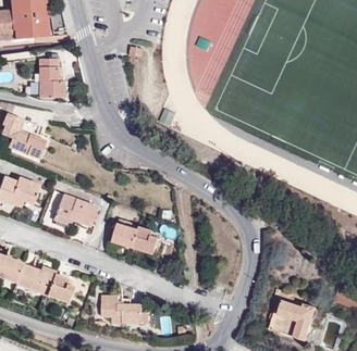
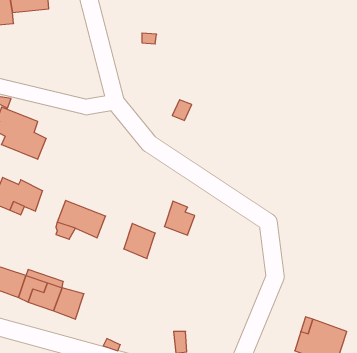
building: [37,57,66,96] -> none
building: [135,226,162,256] -> [164,201,195,235]
building: [103,294,152,326] -> none

